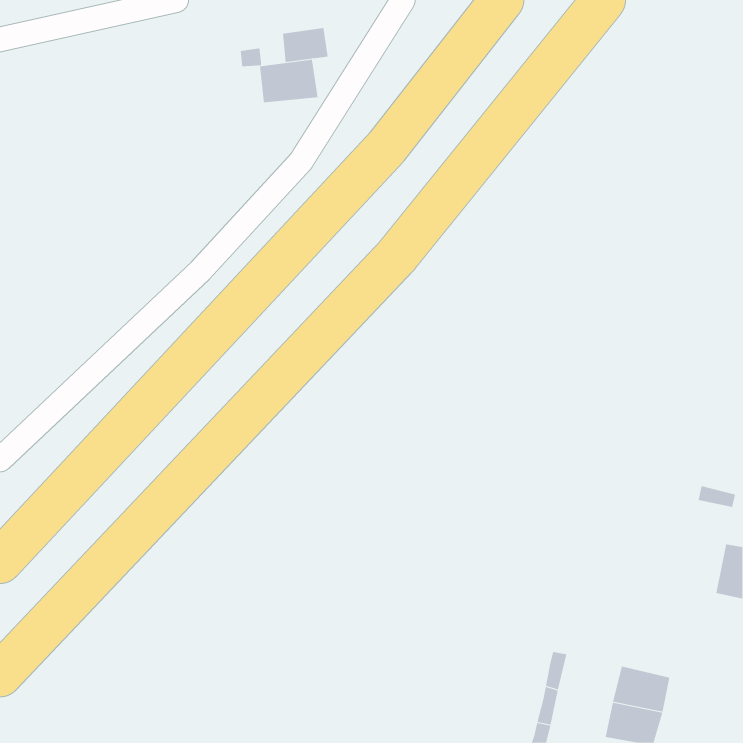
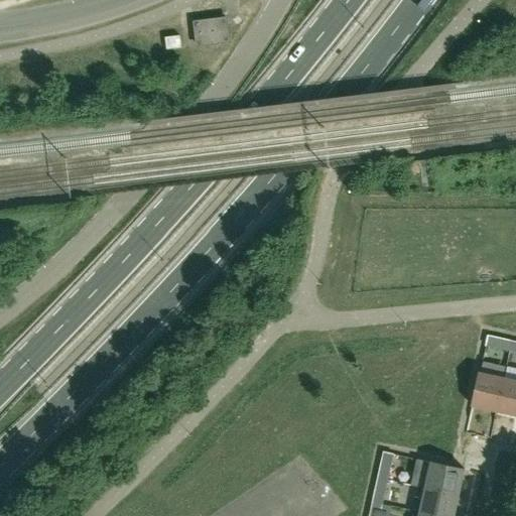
building: [260,59,318,103] -> none
building: none -> [472,372,503,411]

